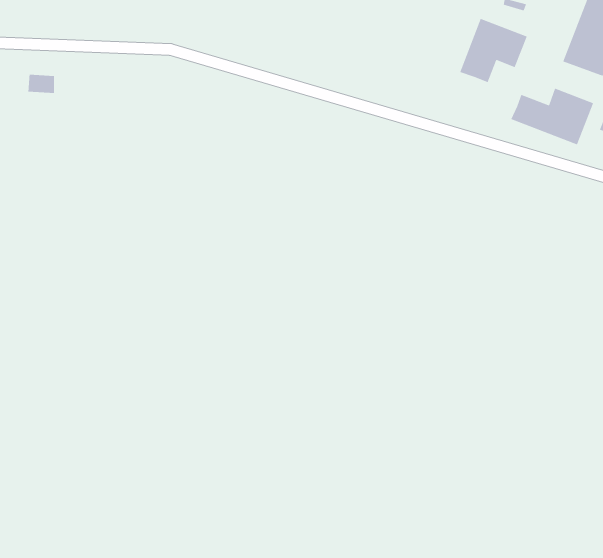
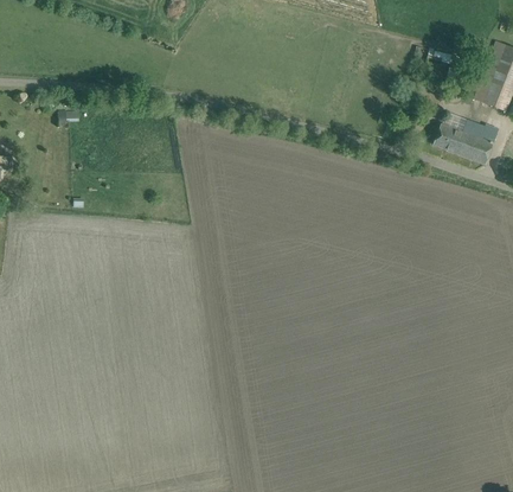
building: [459,18,528,83] -> none

